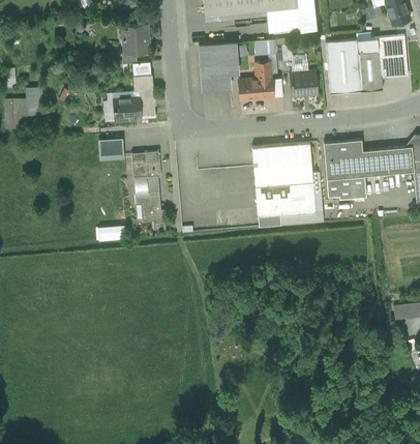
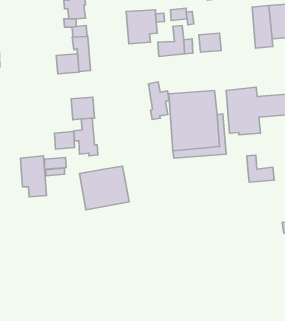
building: [325,40,360,94] -> none
building: none -> [148,82,169,120]
building: [98,140,123,161] -> [55,132,75,149]
building: none -> [247,155,274,182]
building: none -> [20,156,47,197]
building: none -> [80,166,129,210]

